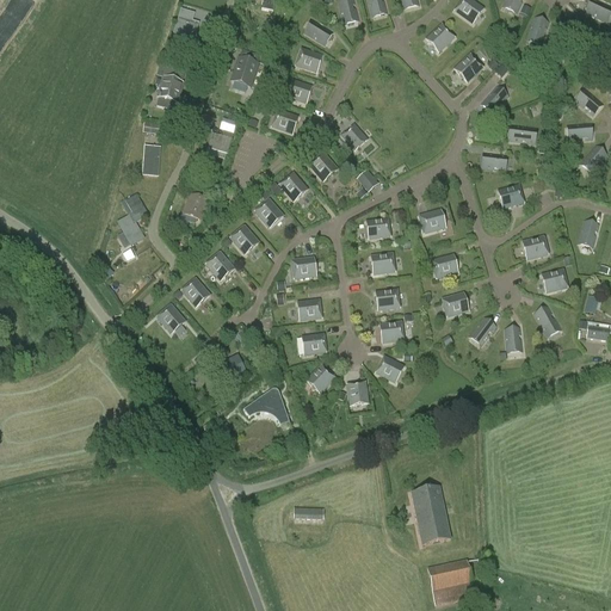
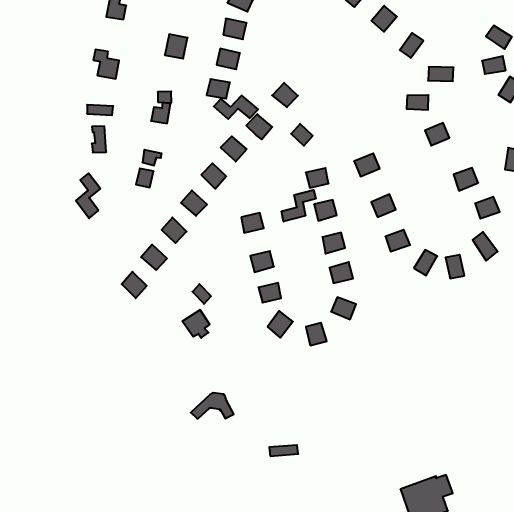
building: none -> [214,95,258,119]
building: none -> [282,190,316,222]
building: [242,391,288,420] -> [191,393,234,419]
building: [411,486,450,544] -> none

